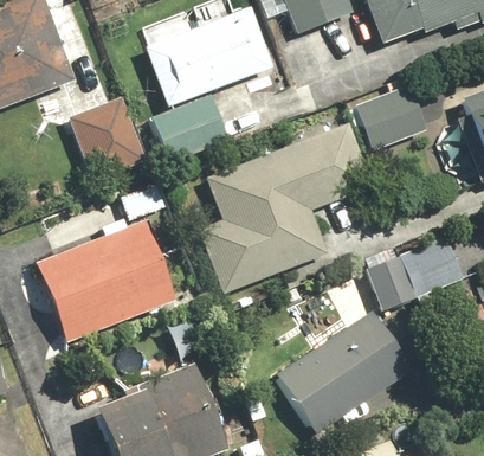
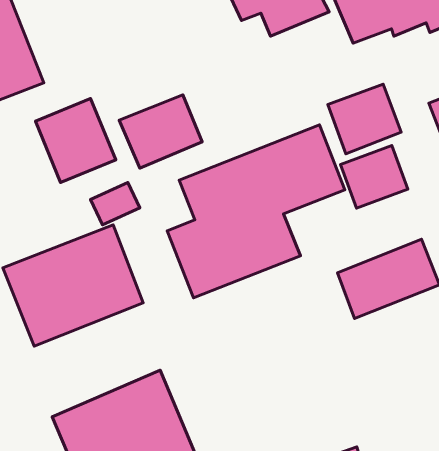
building: [144,6,271,108] -> none
building: none -> [340,146,408,208]
building: [275,309,413,436] -> none

